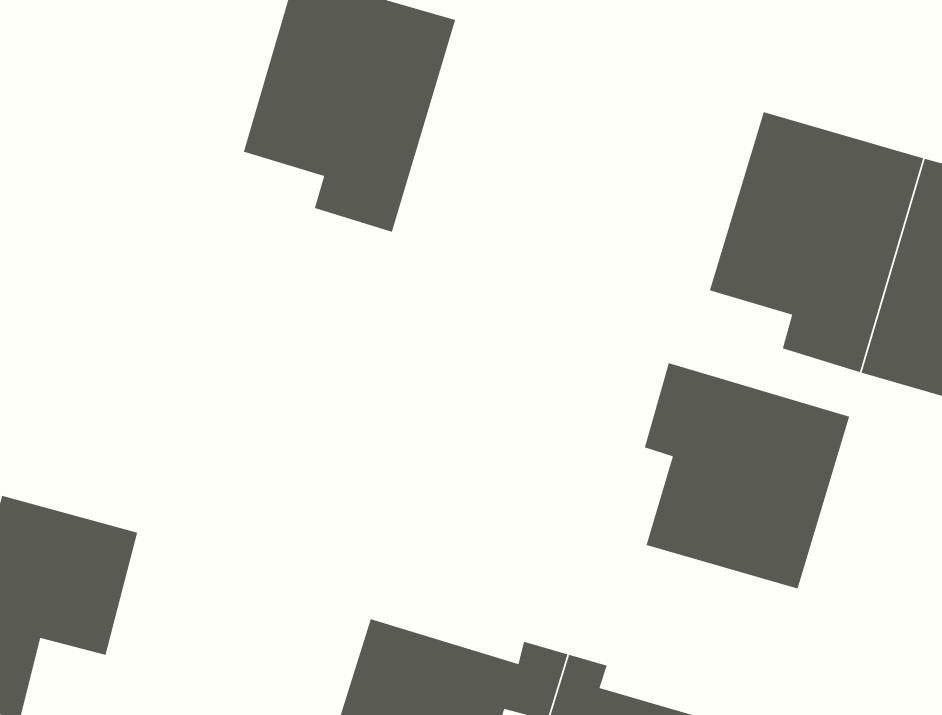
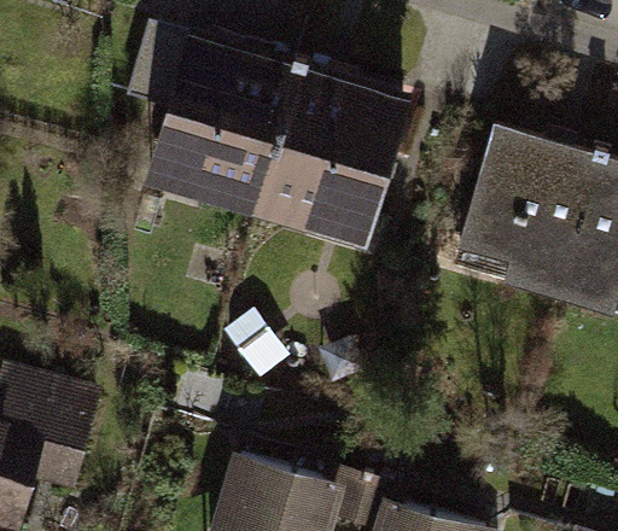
building: none -> [258,69,406,222]
building: [644,362,850,589] -> none

